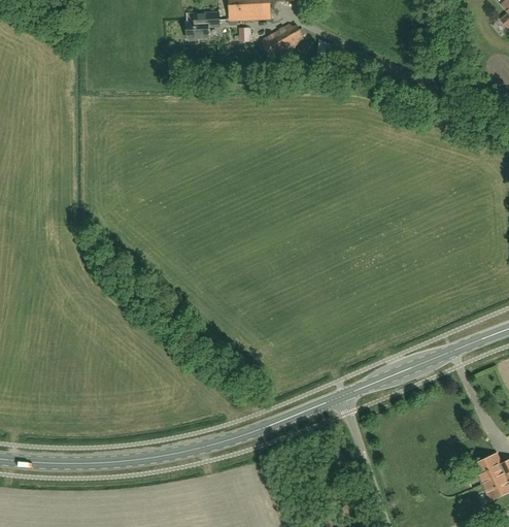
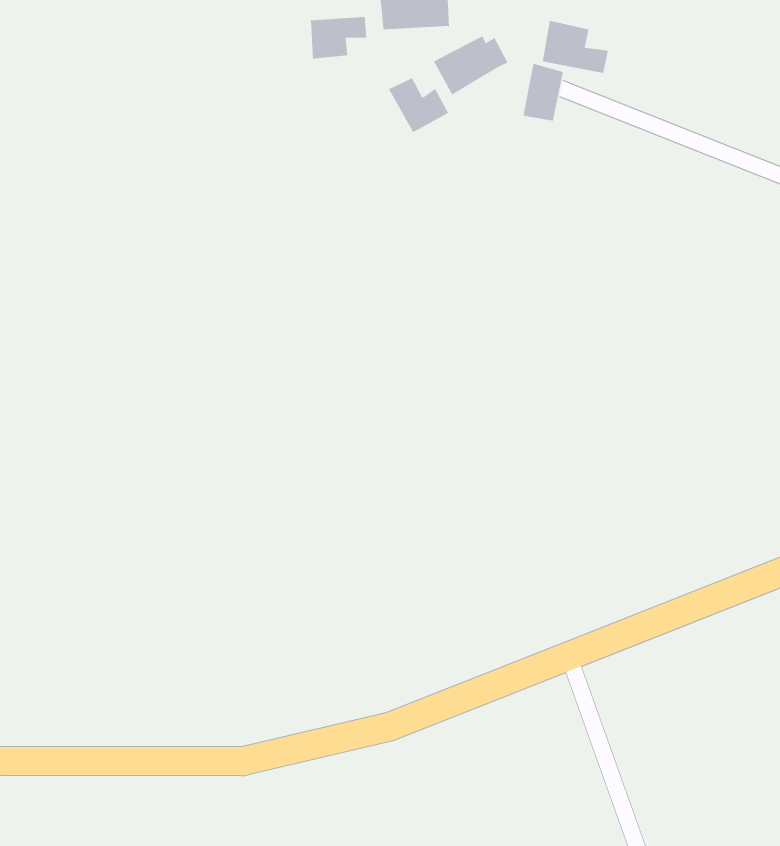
building: none -> [542,20,609,74]
building: none -> [388,77,449,133]

